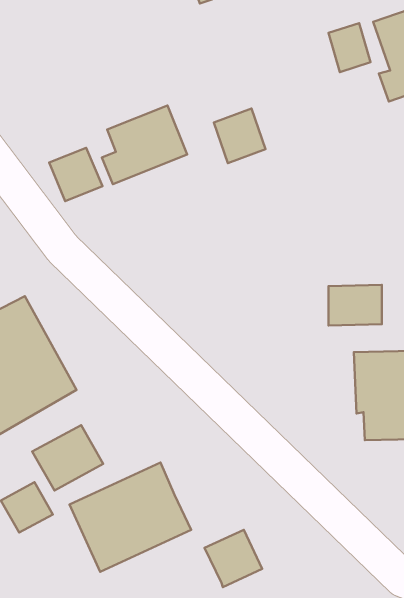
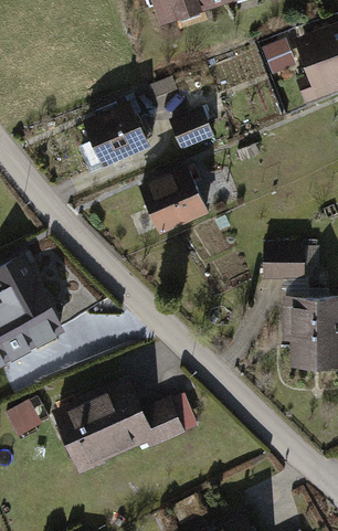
building: [49,148,102,201] -> none
building: none -> [141,167,205,229]
building: [32,425,103,490] -> none
building: [205,530,262,587] -> [140,395,186,440]

